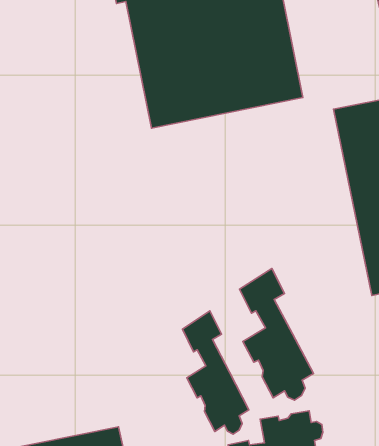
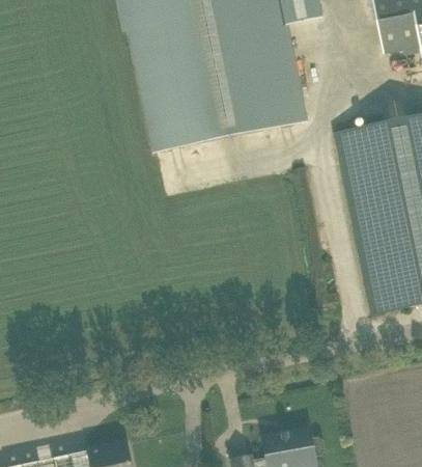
building: [239,268,313,400] -> none
building: [182,311,249,434] -> none

